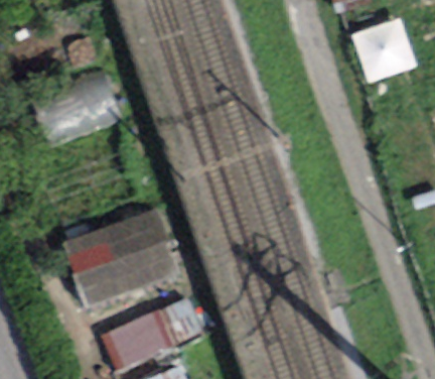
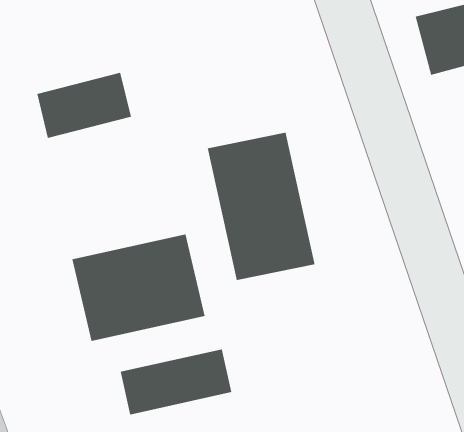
building: none -> [207,132,315,281]

